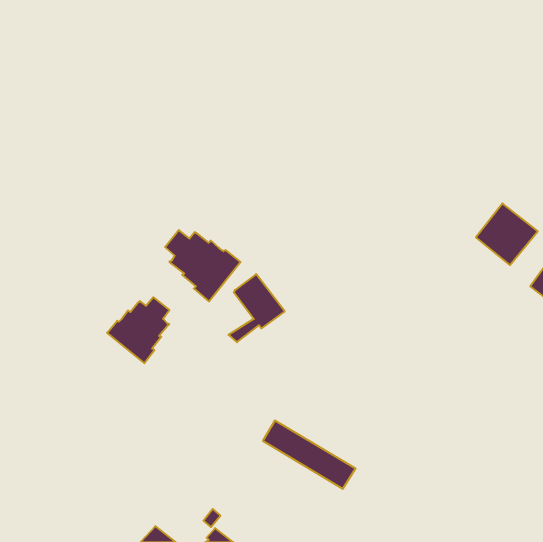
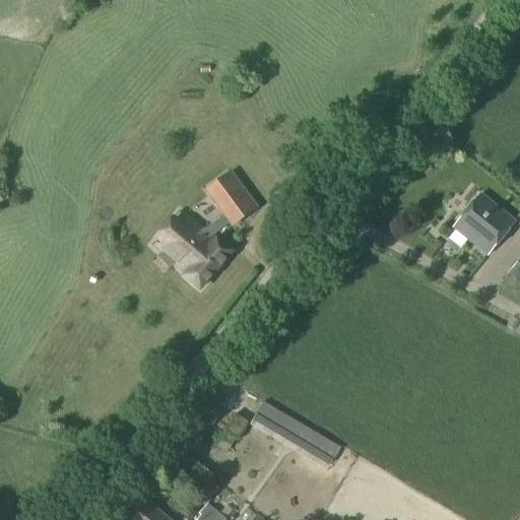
building: [228,274,285,342] -> [202,172,256,237]
building: [107,297,169,363] -> none

